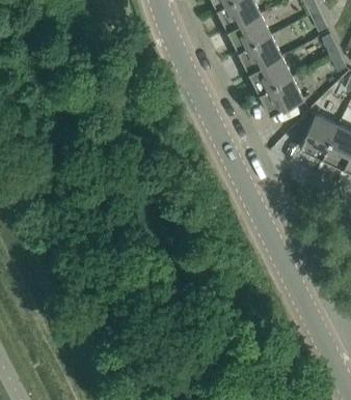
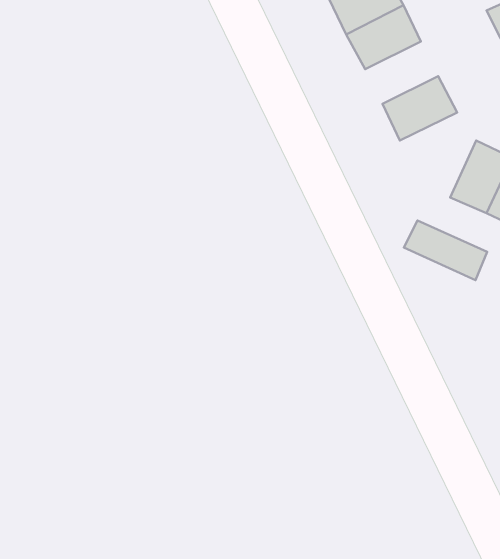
building: [248,56,292,93] -> none
building: none -> [404,221,487,280]

